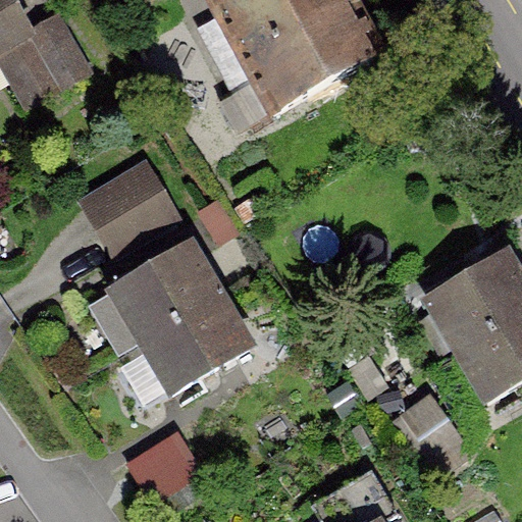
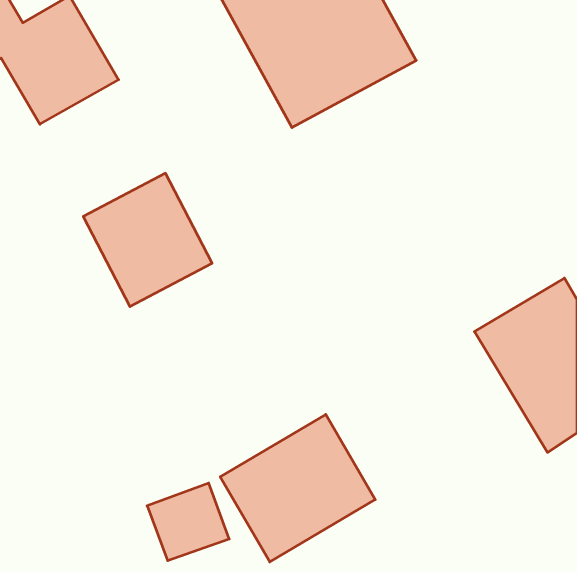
building: [106,243,249,392] -> none
building: none -> [220,414,375,562]

